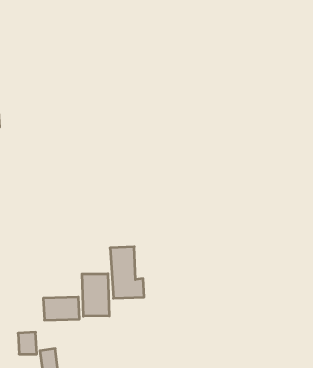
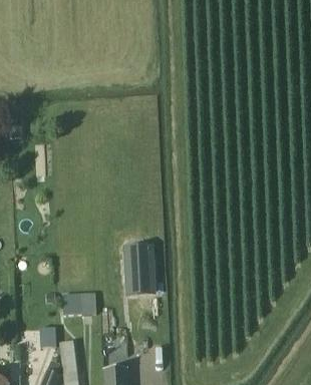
building: [82,274,109,316] -> none

